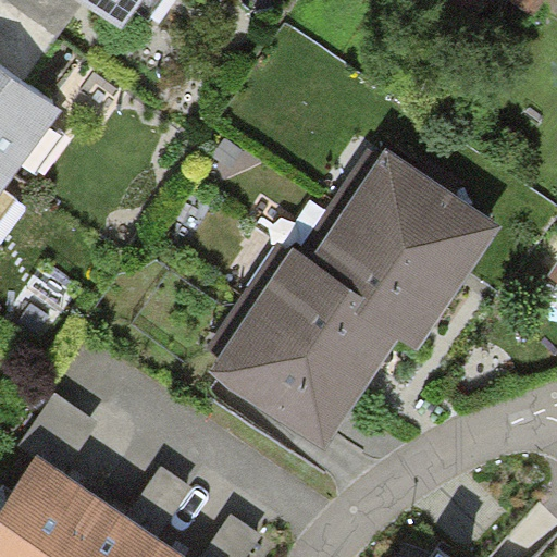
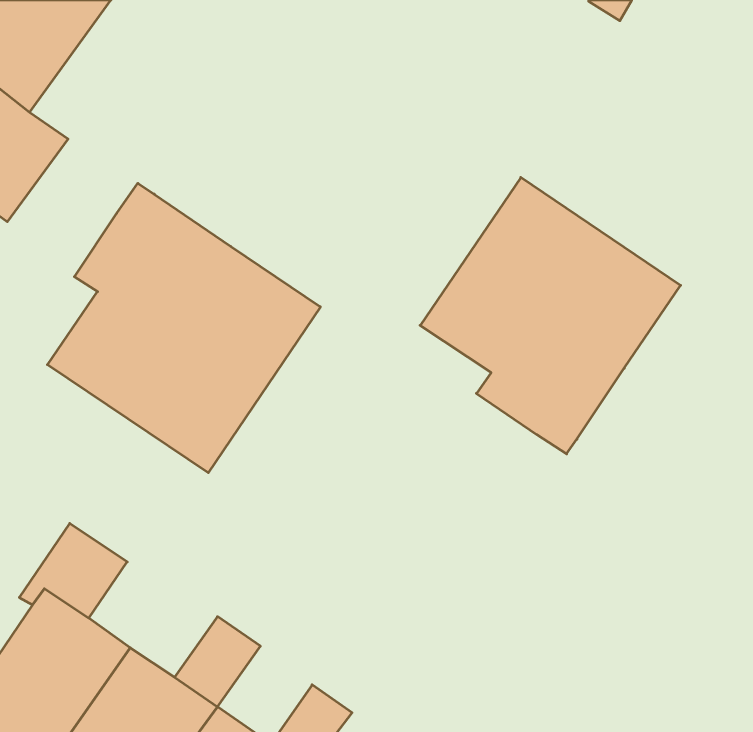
building: none -> [47,183,320,473]
building: [208,245,395,446] -> none

